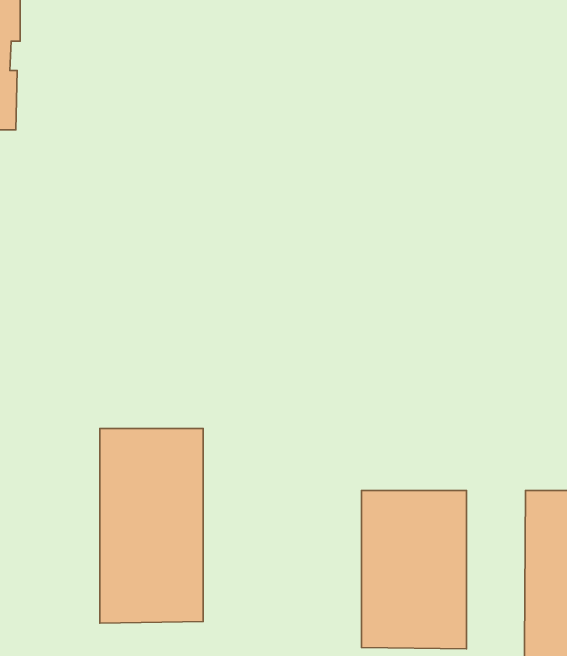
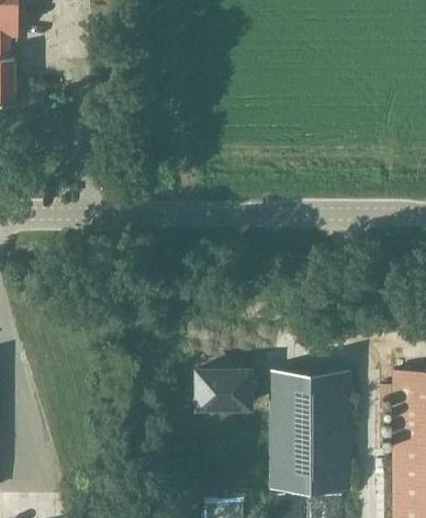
building: [100,428,203,623] -> none
building: none -> [197,372,248,408]

